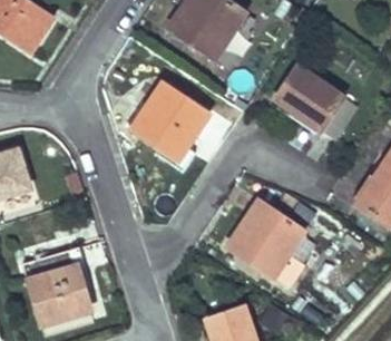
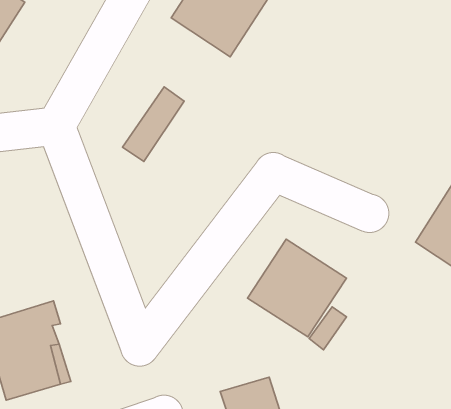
building: [274,65,356,138] -> none
building: [147,94,208,159] -> none

